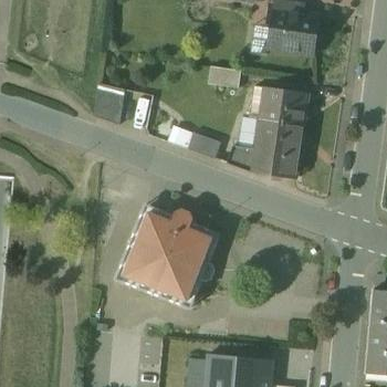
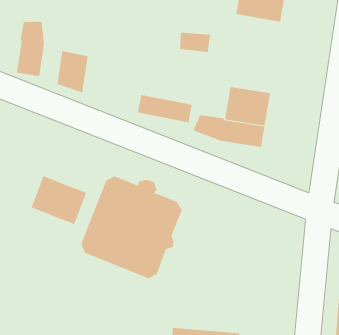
building: none -> [16,21,44,77]
building: [262,88,306,125] -> none
building: none -> [31,176,87,225]

